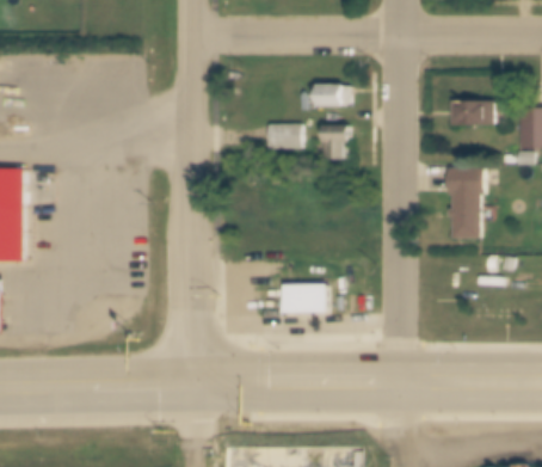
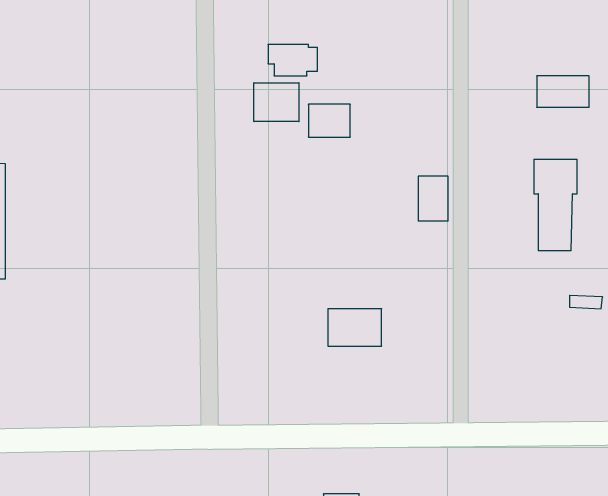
building: [310,84,350,109] -> [268,44,317,76]
building: none -> [254,83,299,122]
building: [324,123,347,159] -> [418,176,448,221]

